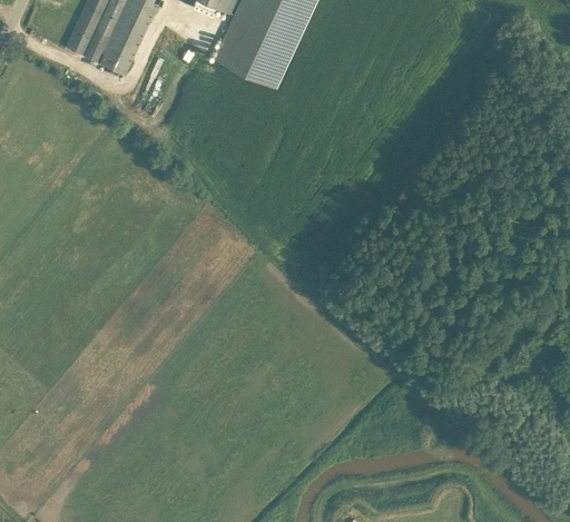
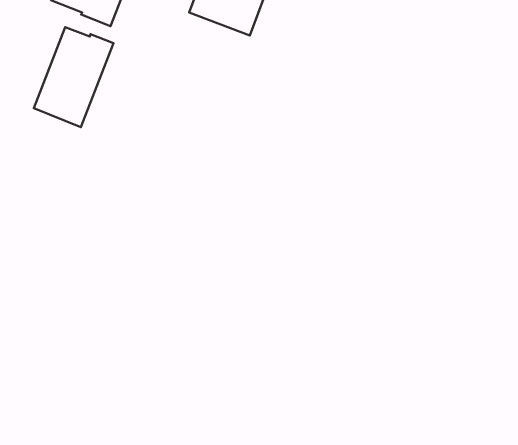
building: none -> [34,27,114,127]

